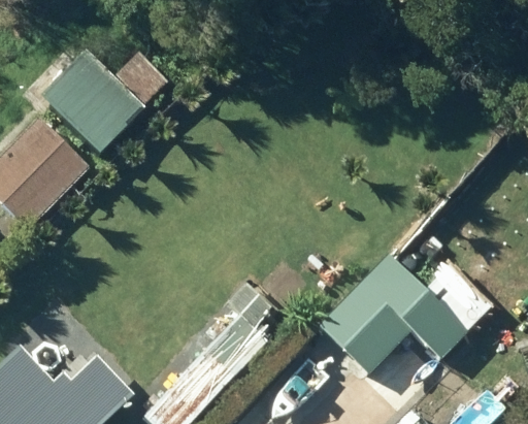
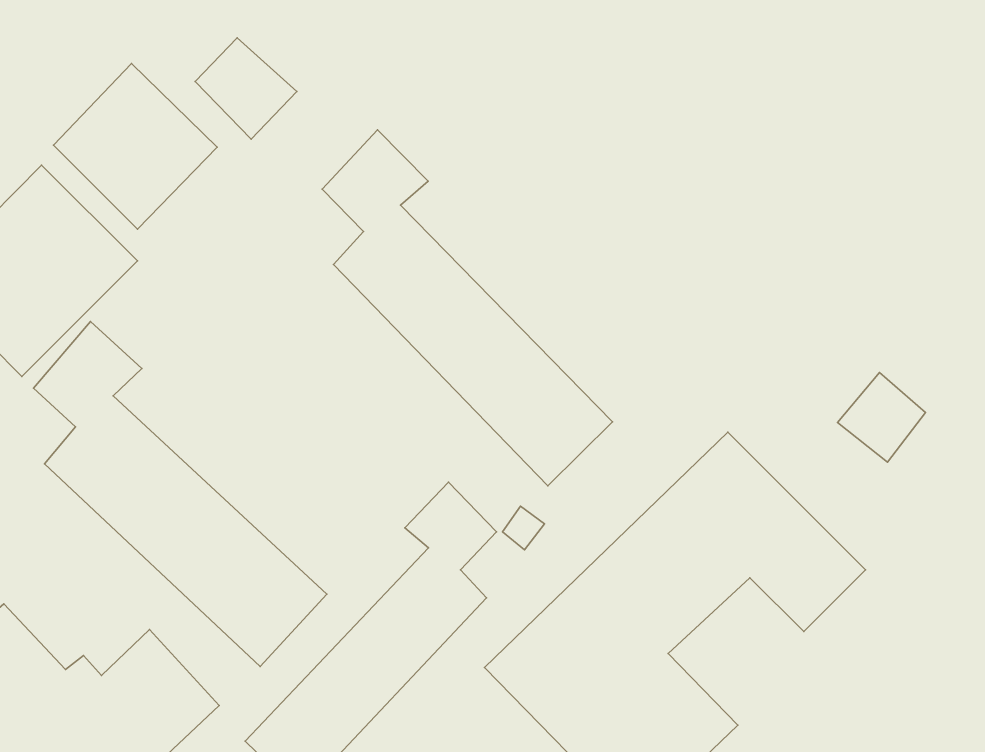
building: none -> [322,130,612,486]
building: none -> [34,322,327,666]

